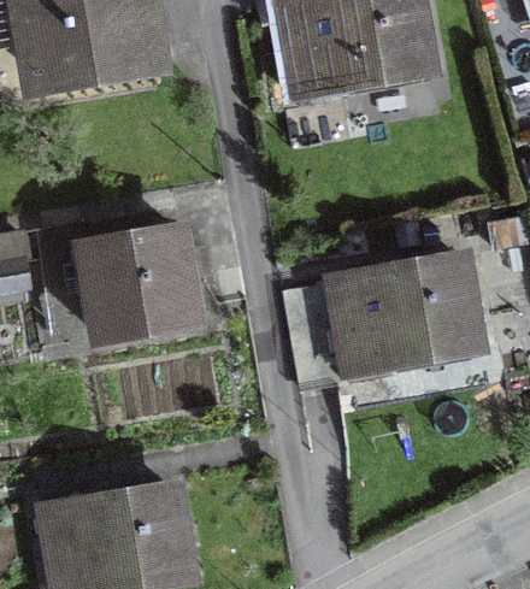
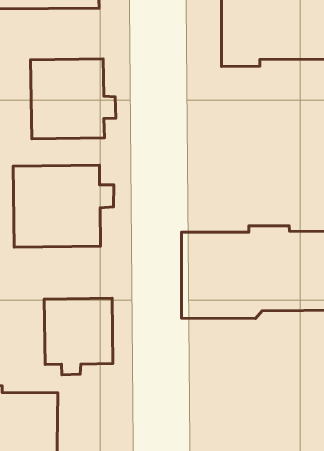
building: none -> [31,59,116,139]
building: none -> [44,298,113,375]

